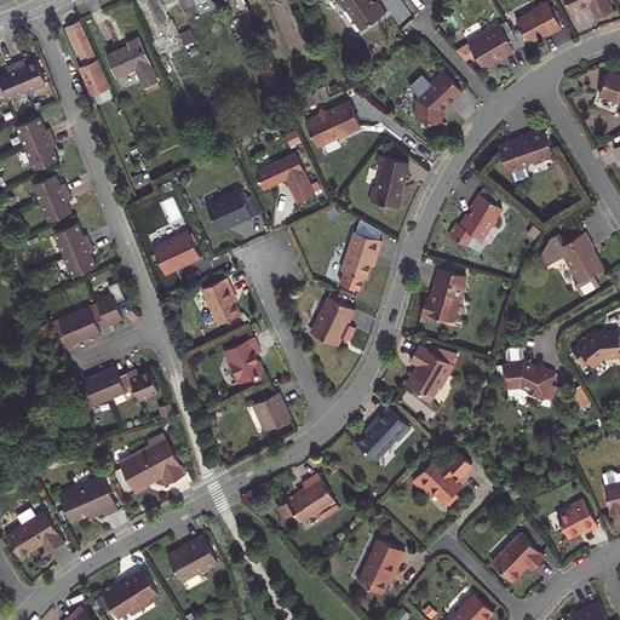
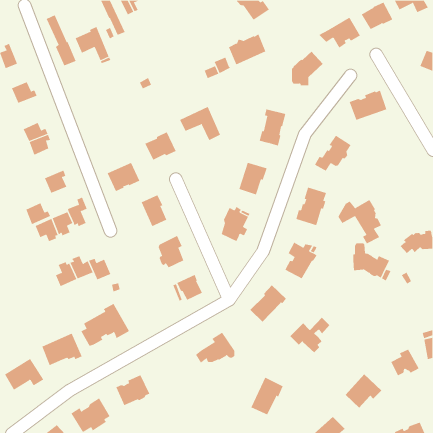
building: [13,61,45,92] -> none
building: [305,102,360,147] -> [228,34,266,65]
building: [25,138,57,171] -> none
building: [54,224,91,256] -> [25,203,51,225]
building: [539,232,602,297] -> [338,199,382,244]

